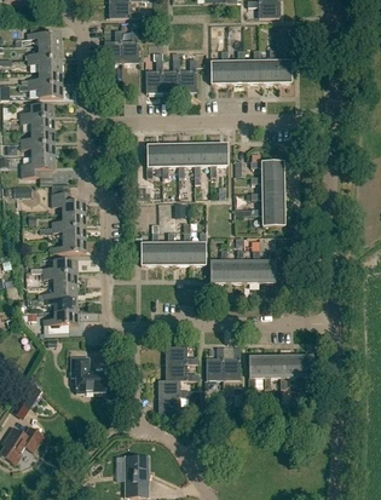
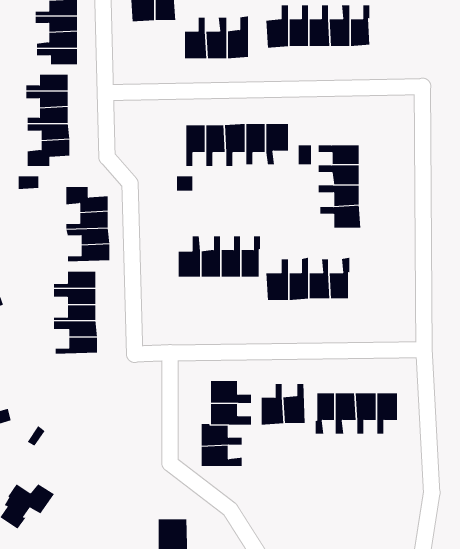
building: [71,357,105,392] -> none

